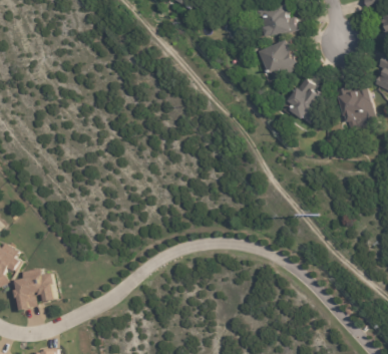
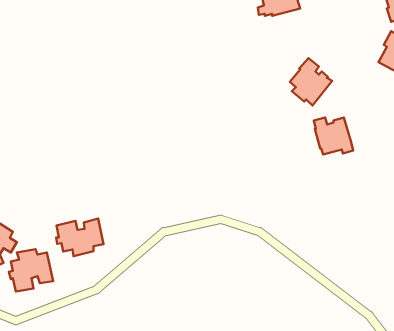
building: [258,41,297,78] -> none
building: [336,86,374,122] -> [314,117,353,155]
building: none -> [56,219,104,256]

